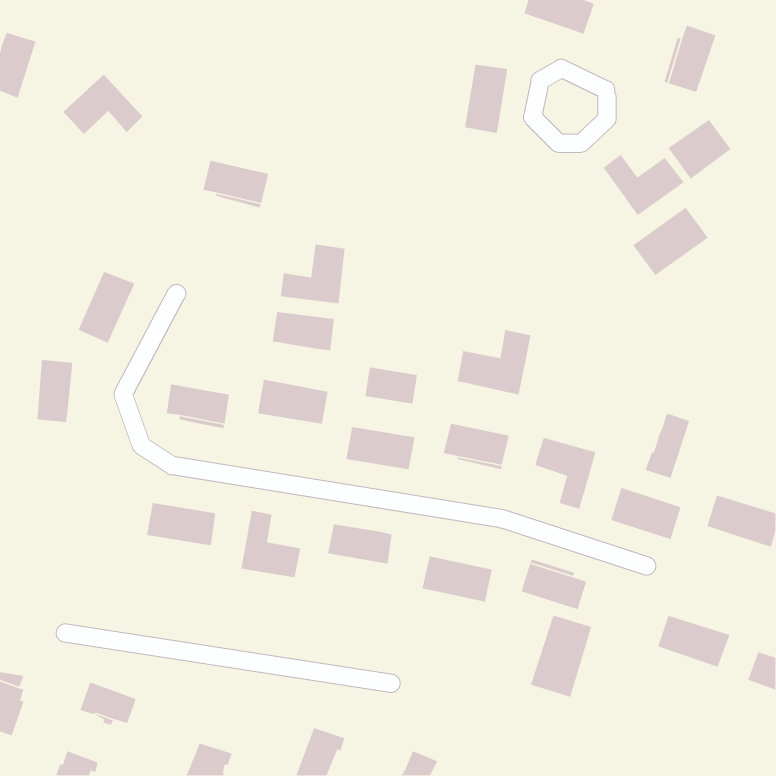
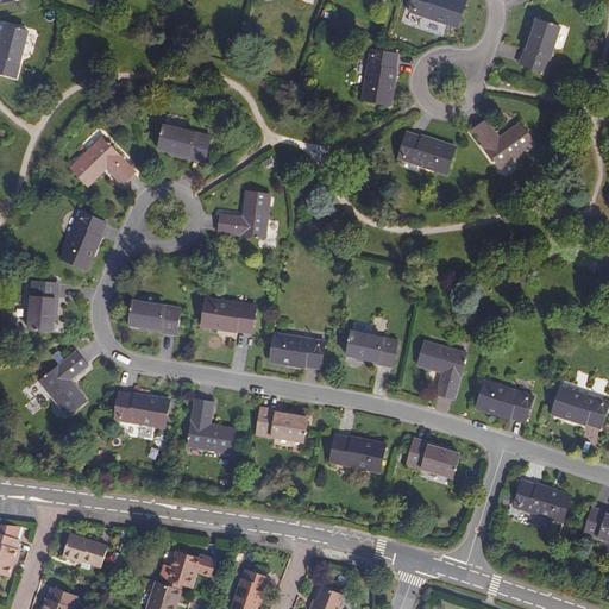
building: [63,74,143,135] -> [71,138,134,186]
building: [668,119,731,180] -> none
building: none -> [397,132,454,174]
building: [632,207,709,276] -> none
building: [272,311,335,351] -> none
building: [457,329,531,396] -> none
building: [365,366,418,404] -> none
building: [644,413,690,479] -> none
building: none -> [39,351,88,415]
building: [530,614,592,698] -> none
building: none -> [161,550,216,586]

